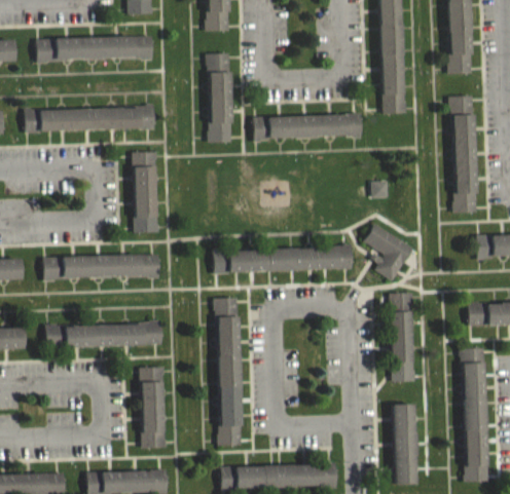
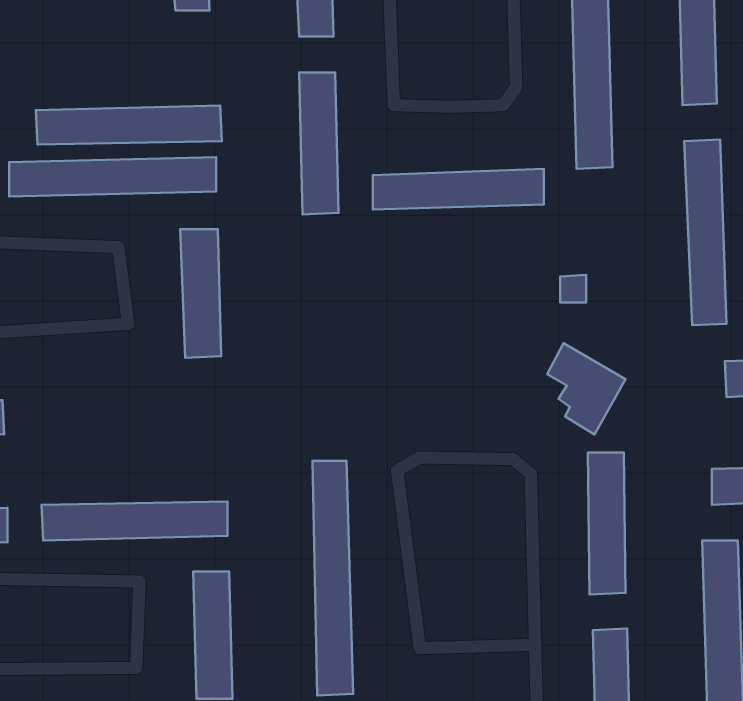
building: [36,36,153,61] -> [36,105,222,145]
building: [213,246,353,273] -> none
building: [43,255,160,279] -> none

